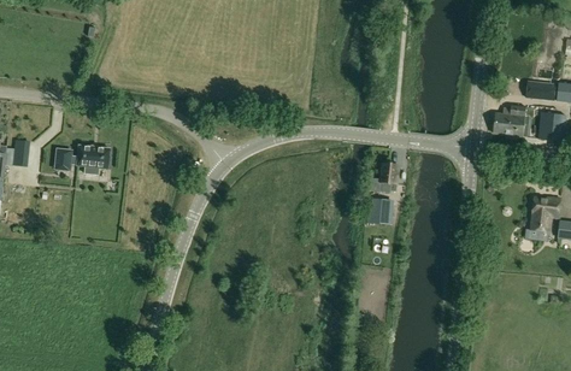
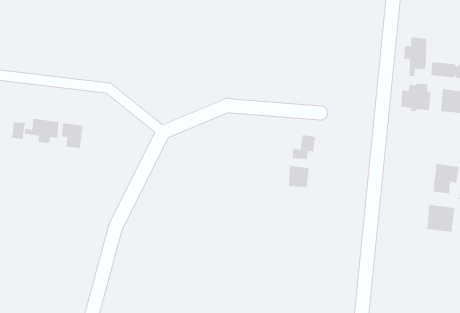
building: none -> [403,36,428,77]
building: none -> [61,123,83,149]
building: none -> [427,204,455,233]

